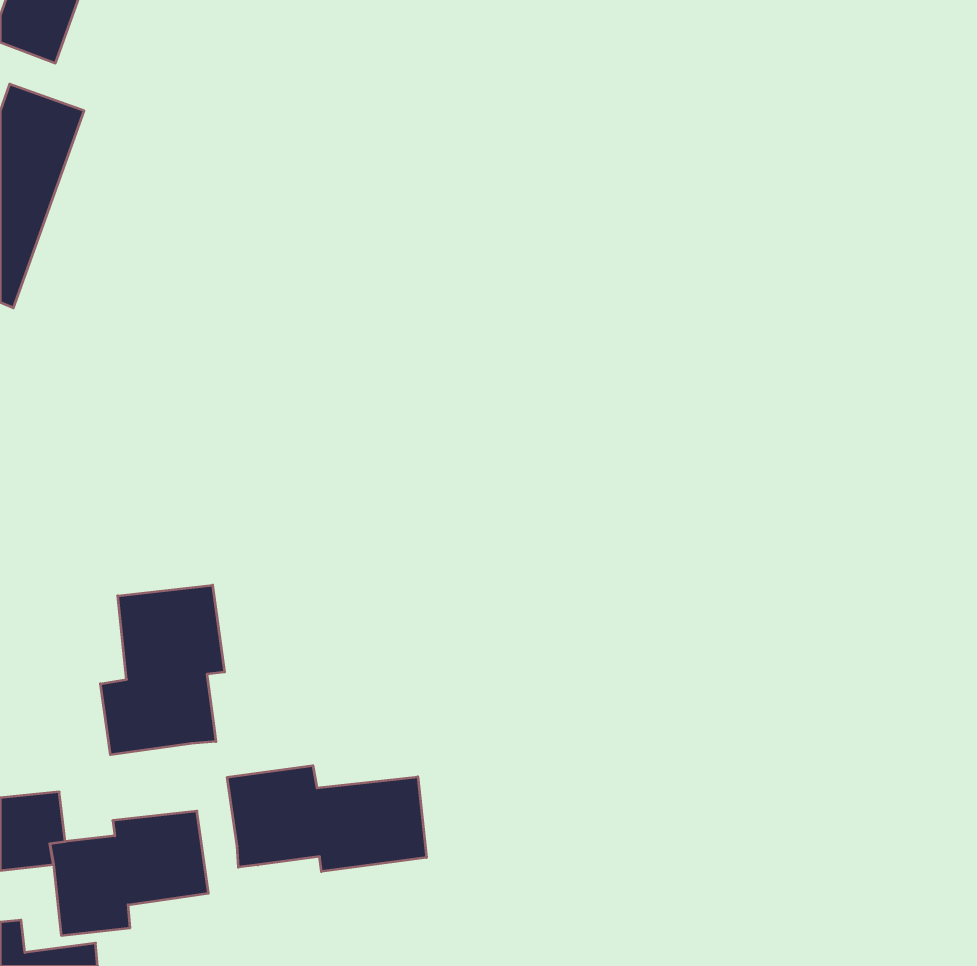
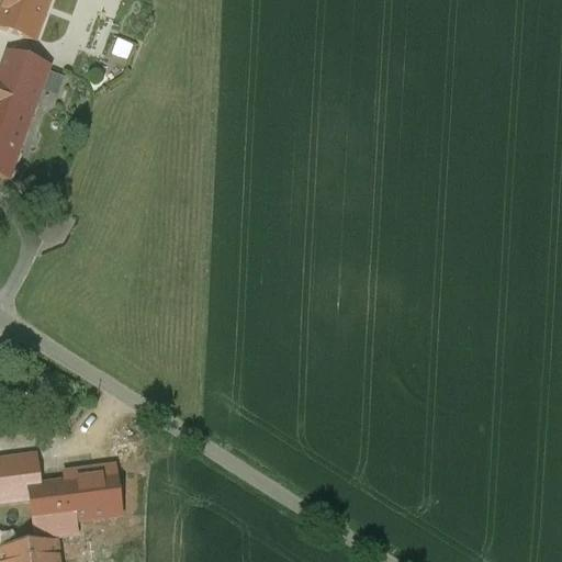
building: [100,585,225,755] -> none
building: [227,766,426,872] -> none

